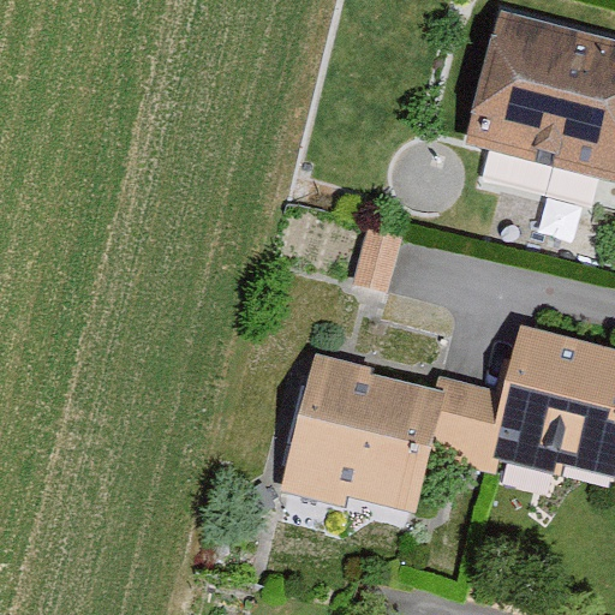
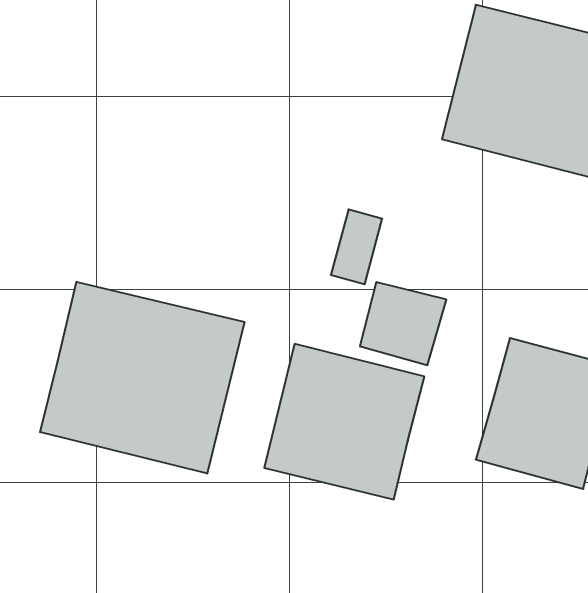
building: none -> [40,282,244,474]
building: [429,387,518,472] -> [360,282,446,365]

